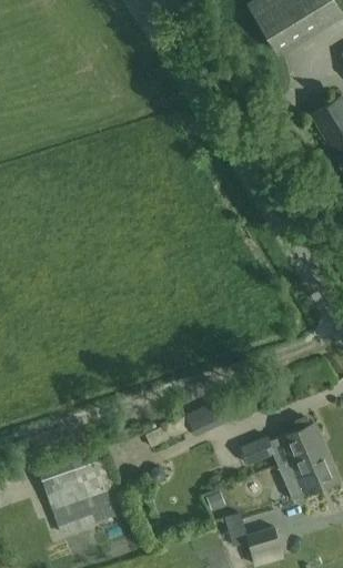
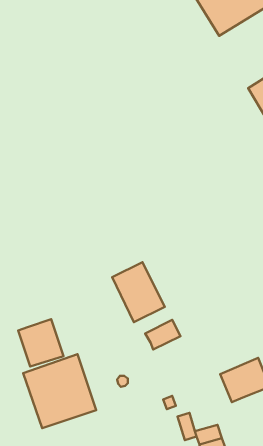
building: none -> [112,262,165,322]
building: none -> [18,319,64,367]
building: [241,417,324,466] -> none

